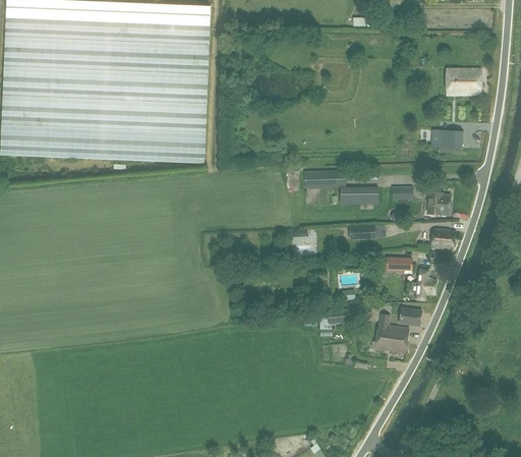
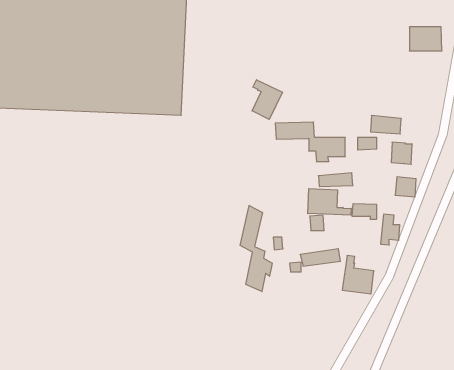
building: none -> [252,80,282,119]
building: [430,129,463,149] -> [371,116,401,134]
building: none -> [308,189,351,215]
building: none -> [240,205,272,292]
building: [398,306,421,327] -> none

